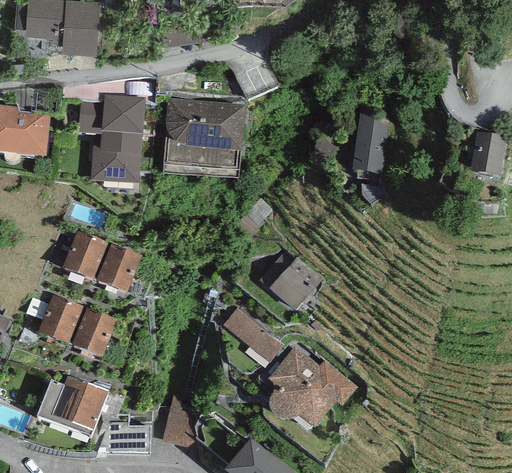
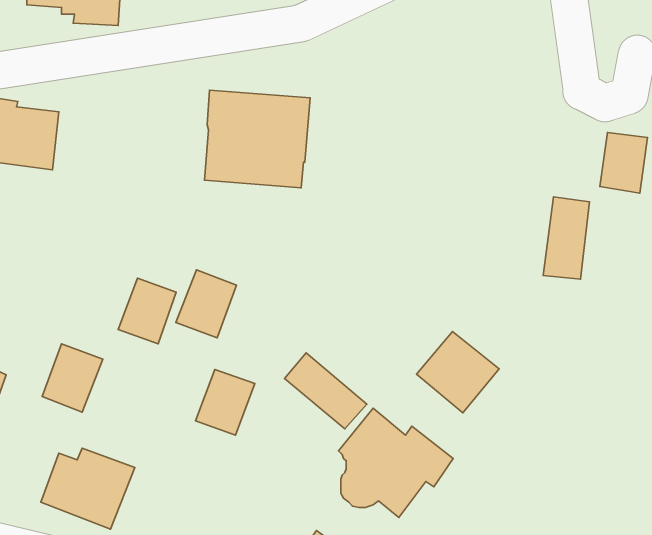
building: [78,93,144,185] -> none
building: [352,109,388,173] -> [543,197,590,279]
building: [61,230,108,283] -> [176,270,237,338]
building: [258,248,322,311] -> [417,332,499,413]
building: [71,309,117,360] -> [196,369,255,435]

